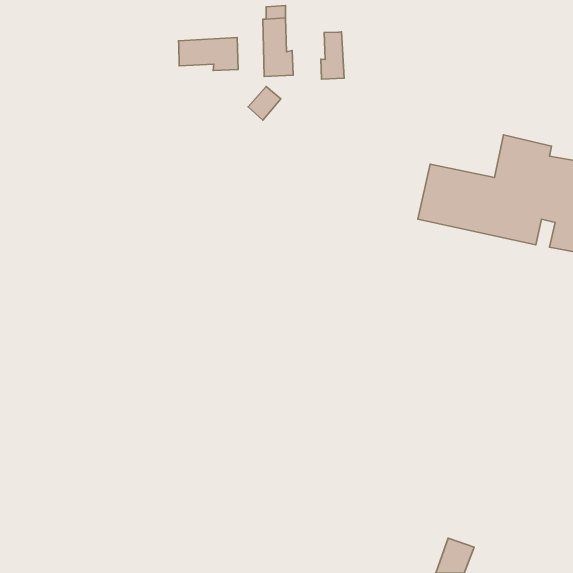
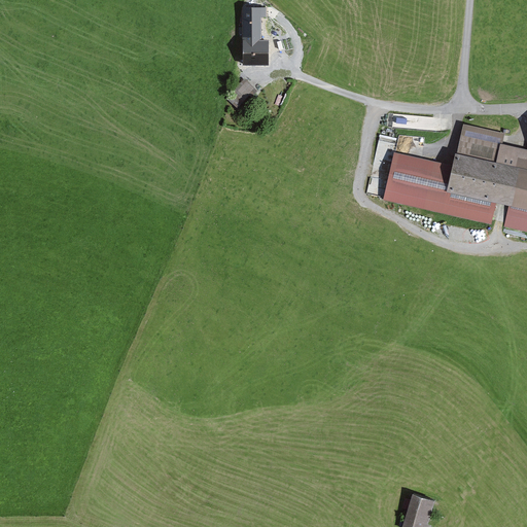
building: [321,32,344,79] -> none
building: [179,37,238,70] -> none

